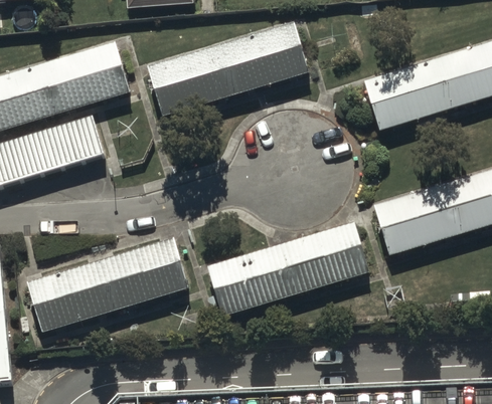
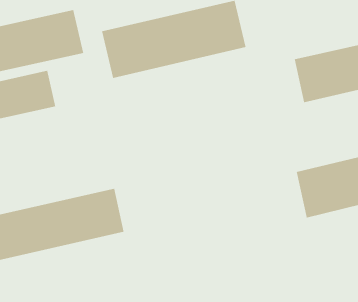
building: [208,223,369,315] -> none

